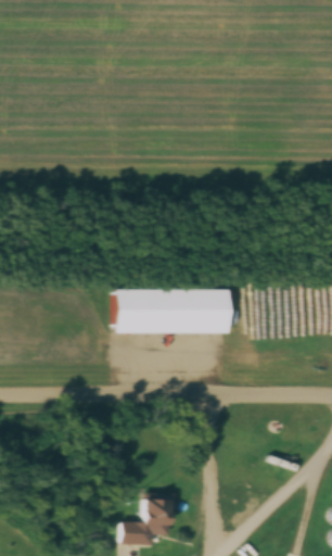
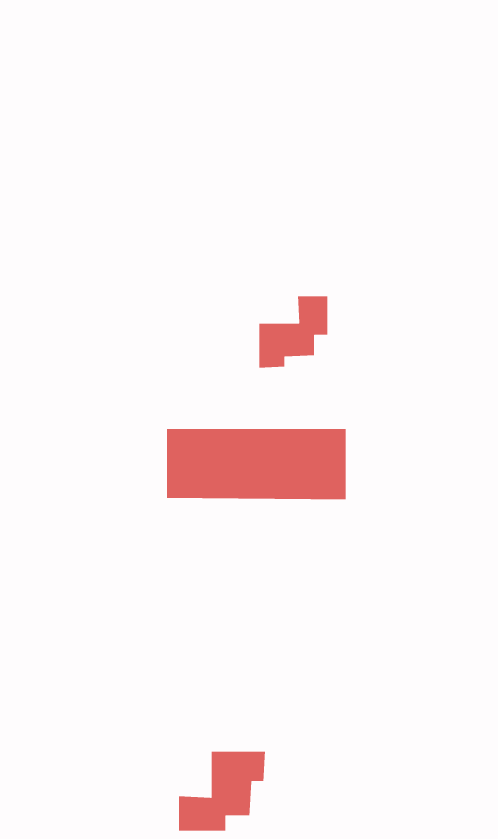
building: none -> [259,296,328,369]

